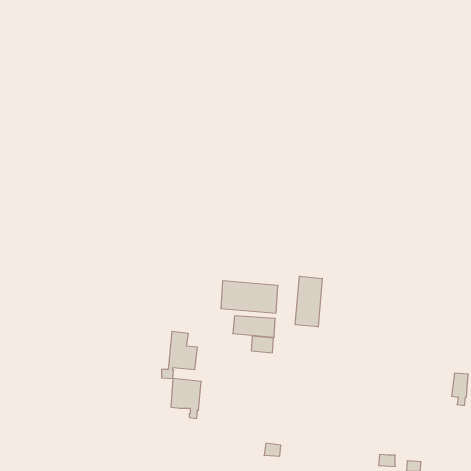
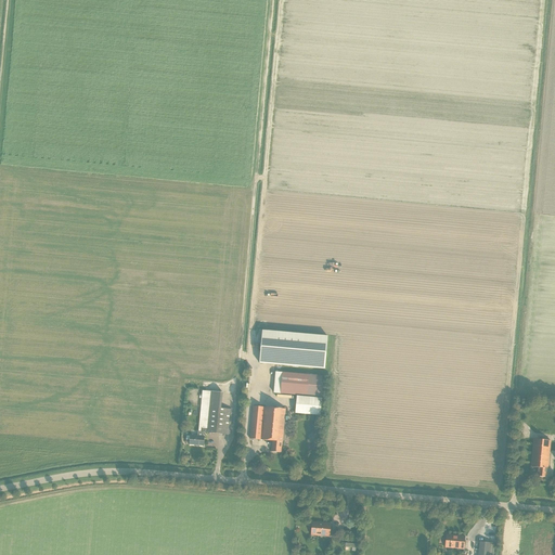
building: [295,276,322,327] -> none
building: [171,379,201,418] -> [249,404,285,451]

